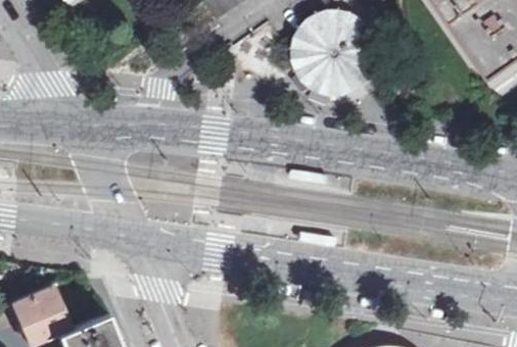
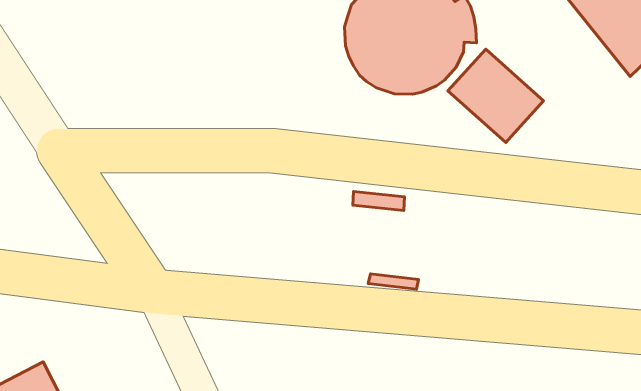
building: none -> [448,49,544,142]

